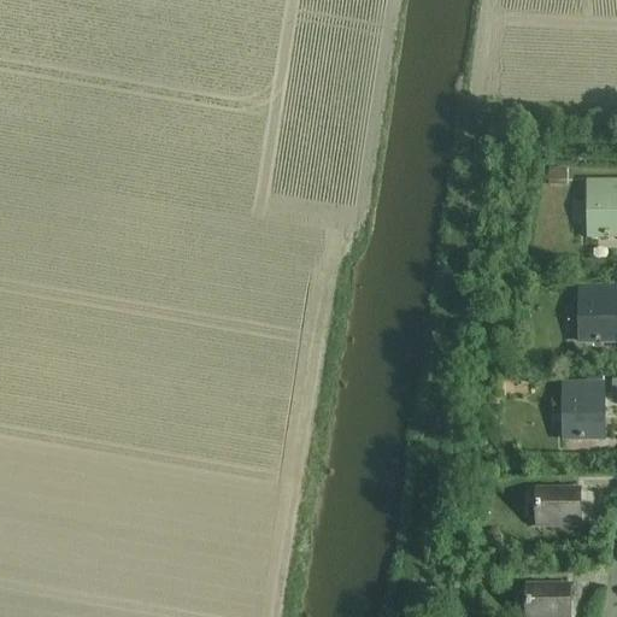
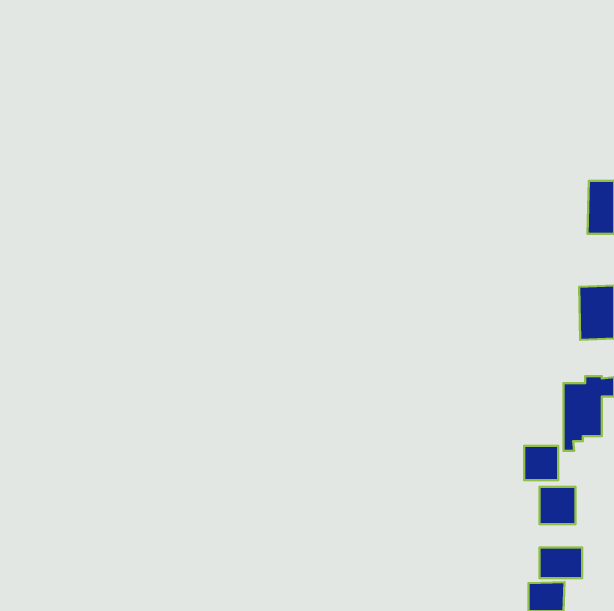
building: none -> [524,446,558,480]
building: none -> [540,548,582,578]

